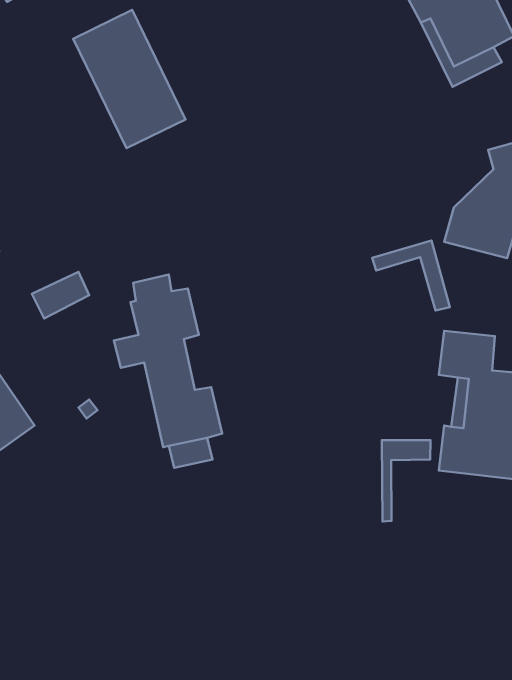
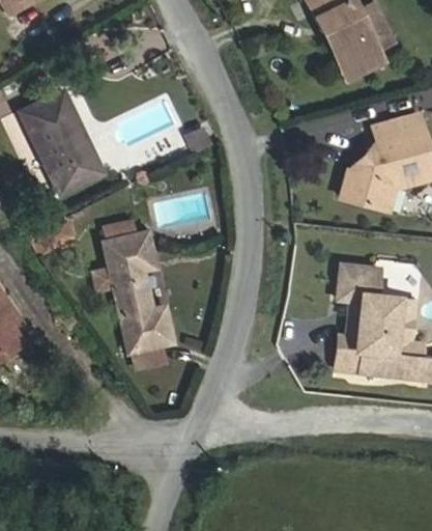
building: [73,10,186,148] -> [20,90,105,195]
building: [372,241,450,310] -> none
building: [382,440,431,522] -> none

